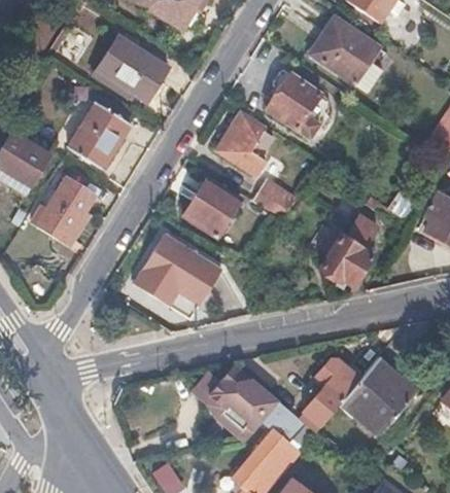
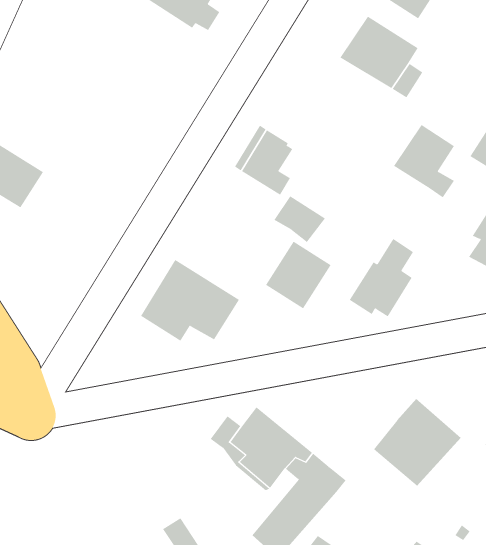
building: [92,37,167,102] -> none
building: [267,72,321,138] -> [393,124,455,198]
building: [63,78,129,169] -> none
building: [183,178,242,239] -> [265,241,331,309]
building: [39,179,96,241] -> none
building: [299,351,361,429] -> none

